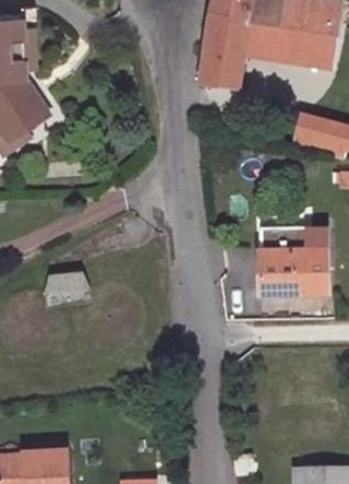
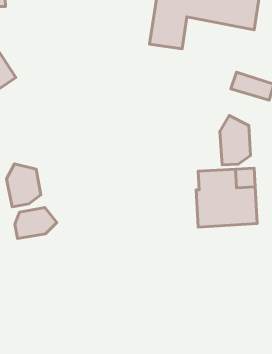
building: none -> [220,115,250,165]
building: none -> [6,164,41,207]

